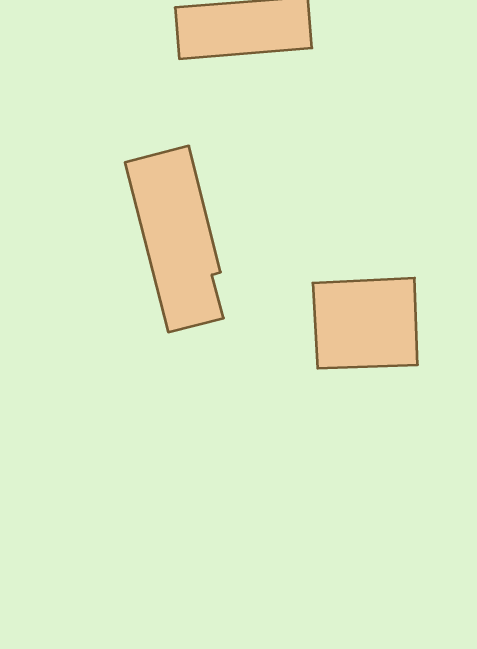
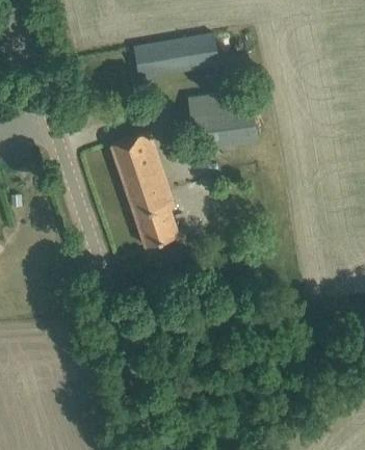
building: [313,278,418,368] -> [186,88,255,149]

